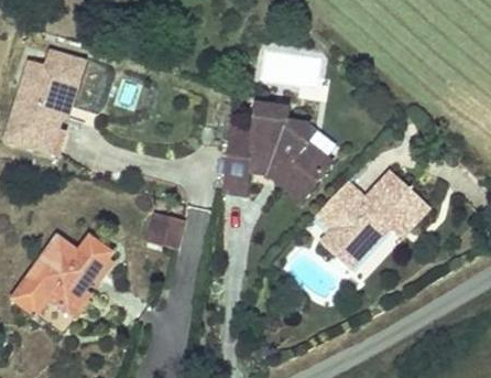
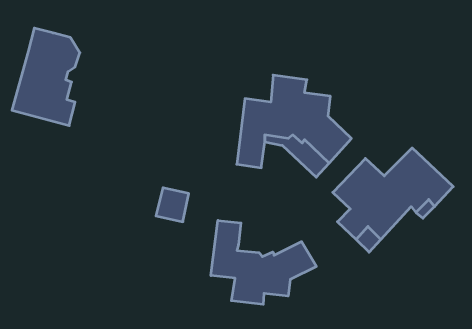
building: [51,50,89,114] -> none
building: [20,223,120,304] -> none
building: none -> [211,220,316,304]

